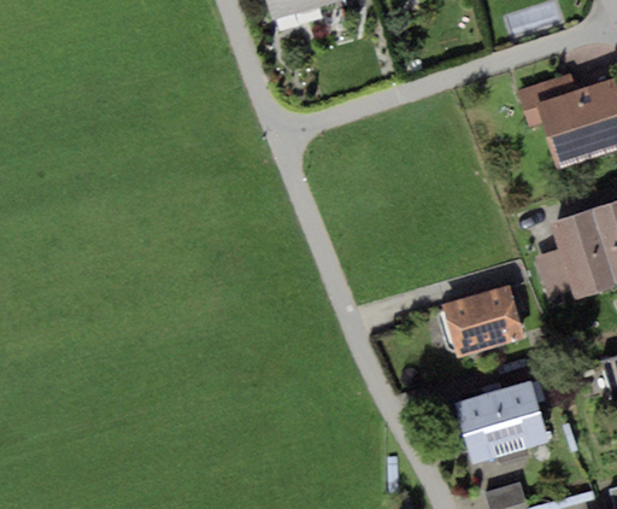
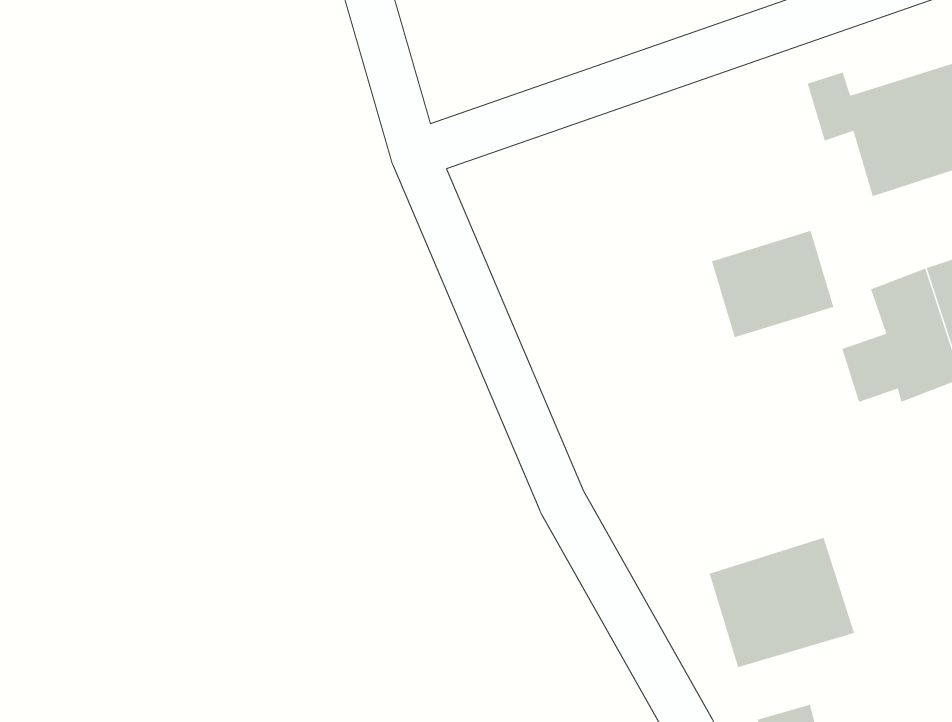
building: [447,285,524,352] -> [711,230,834,338]

